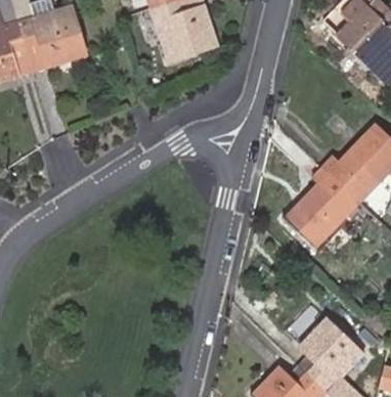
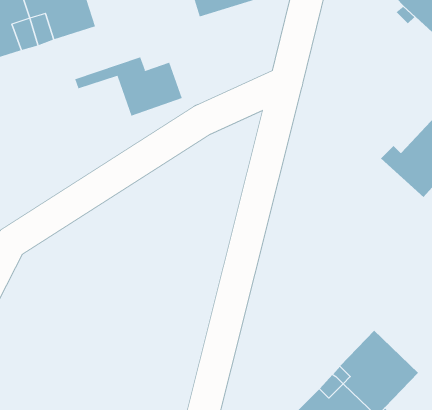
building: none -> [74,57,182,116]
building: [290,170,364,251] -> none

